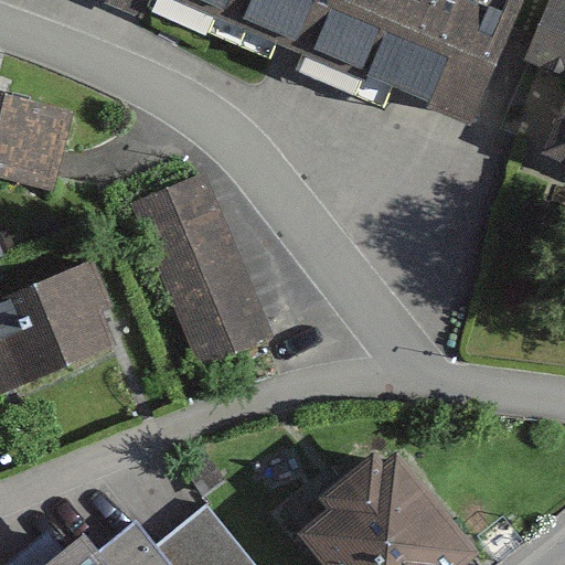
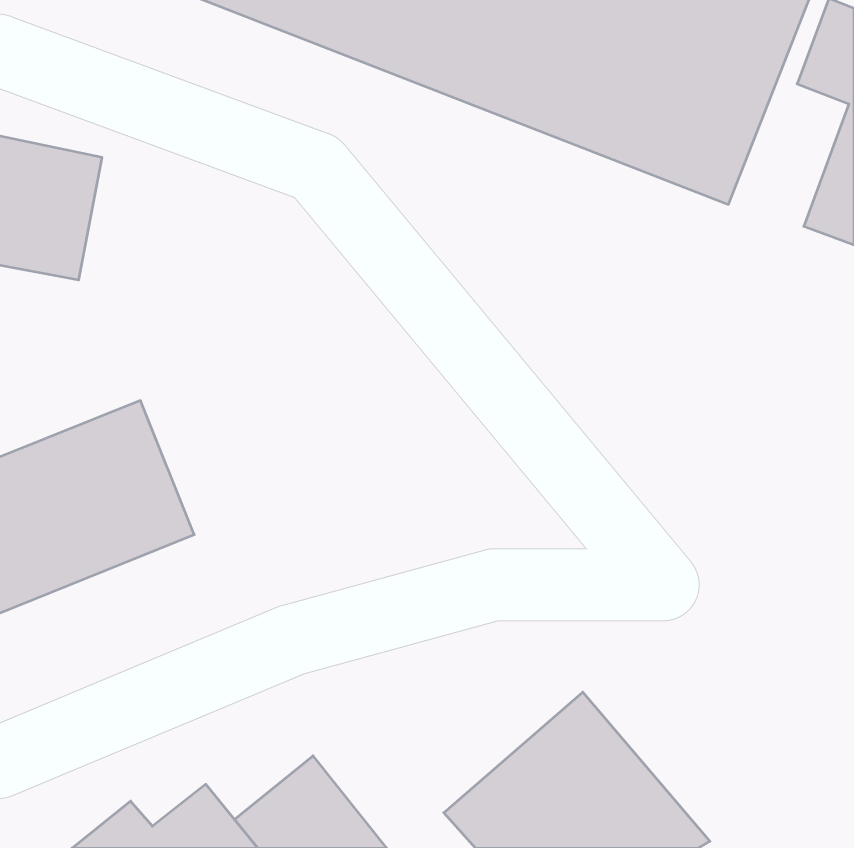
building: [136,172,266,362] -> none

